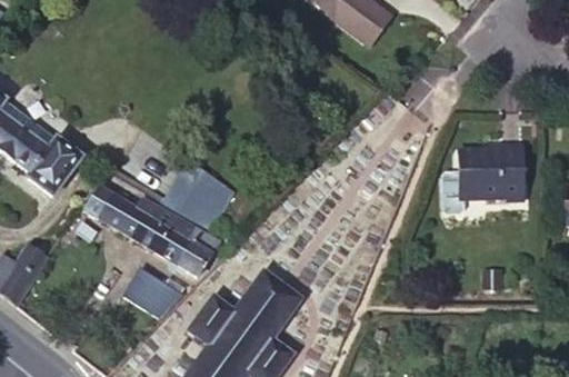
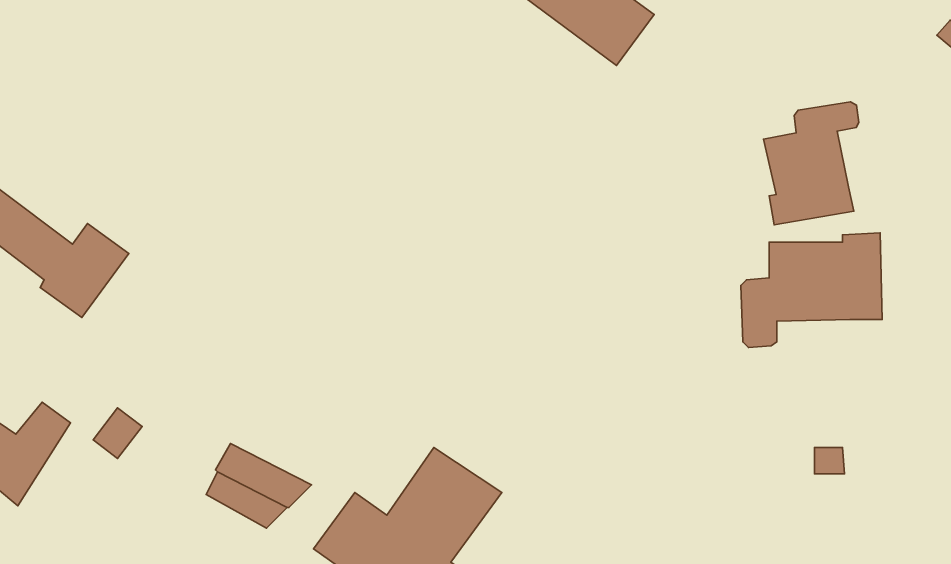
building: none -> [763,102,859,225]
building: [163,171,227,229] -> none
building: [84,181,219,274] -> none

